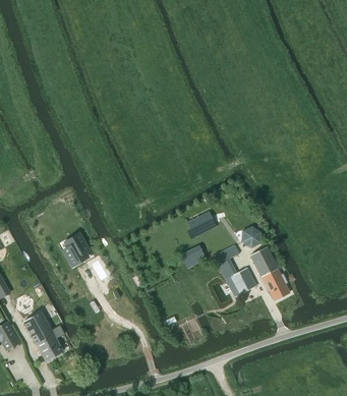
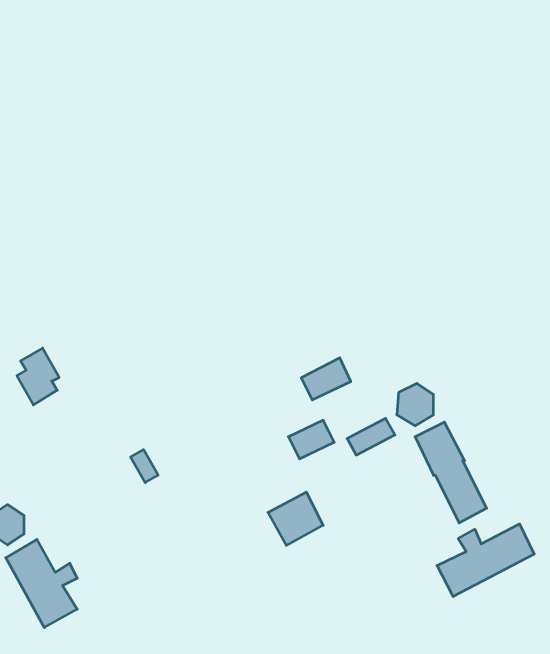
building: [66,233,90,265] -> [17,348,59,405]
building: [225,267,255,296] -> [268,492,323,545]
building: none -> [437,524,534,597]

